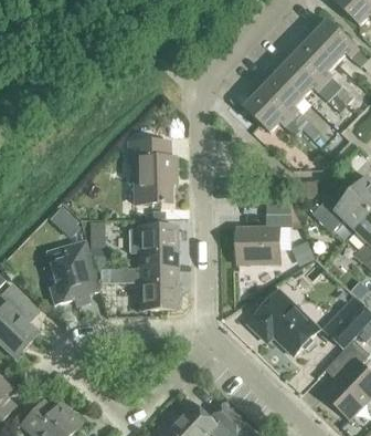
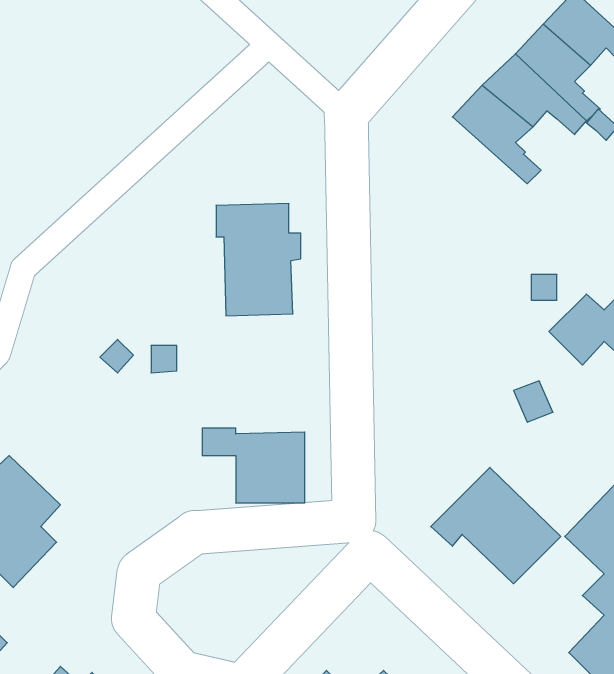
building: [245,92,301,136] -> none
building: [239,203,293,262] -> none
building: [128,226,177,270] -> none
building: [44,239,93,305] -> none

